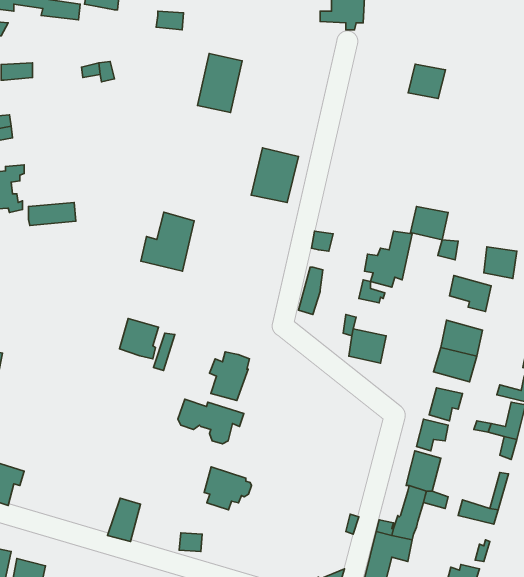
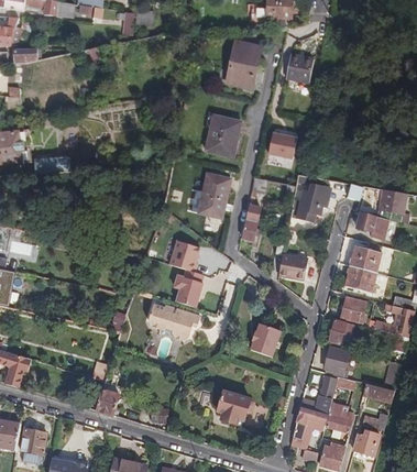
building: [198,54,242,113] -> [227,42,261,87]
building: [408,64,445,99] -> [285,55,314,81]
building: [411,207,448,240] -> [268,133,297,158]
building: [141,212,194,271] -> [189,172,230,217]
building: [120,319,158,359] -> [169,241,199,272]
building: none -> [250,325,281,358]
building: [204,467,251,510] -> [218,391,254,424]
building: none -> [327,404,353,432]

